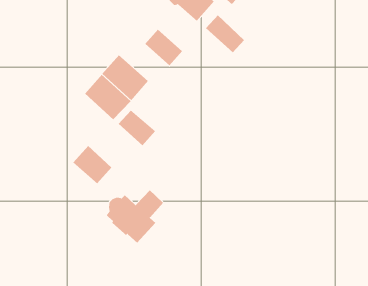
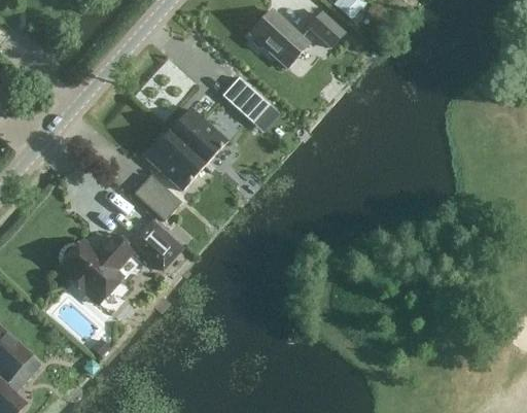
building: [205,15,245,53] -> none
building: [118,110,156,146] -> [134,175,181,220]
building: [106,190,164,244] -> [59,236,131,303]

